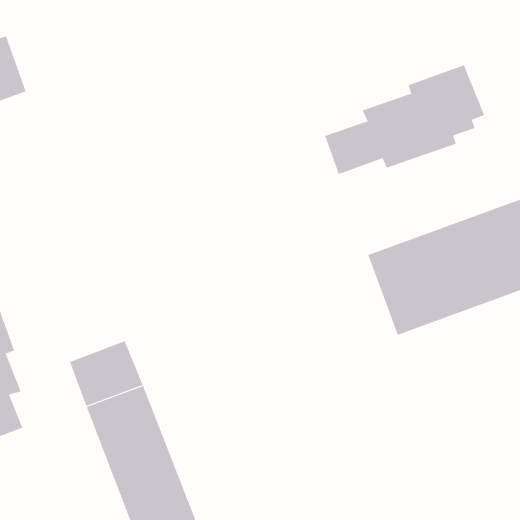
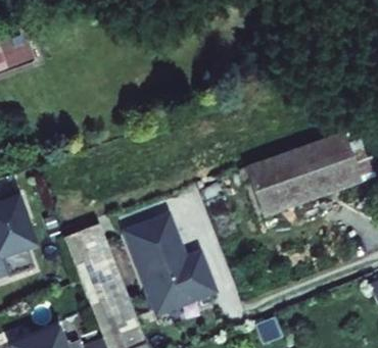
building: [324,64,485,175] -> none
building: none -> [127,213,215,309]

